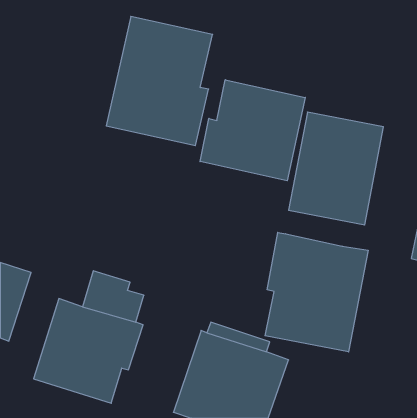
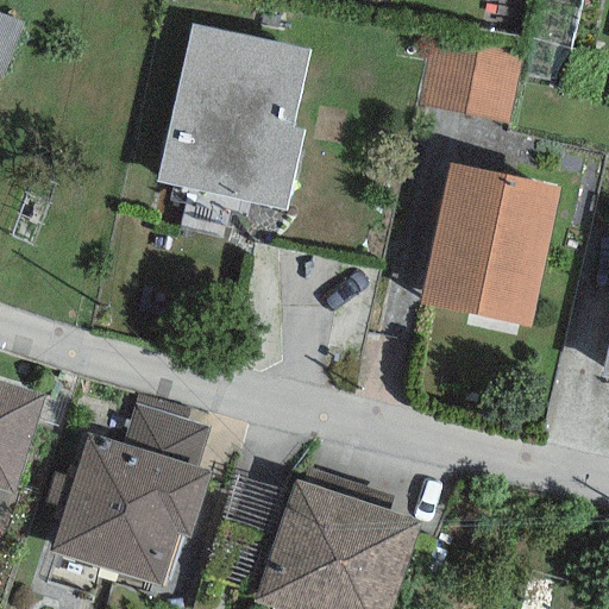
building: none -> [414,34,521,125]
building: [200,80,305,181] -> none
building: [265,232,368,352] -> none

